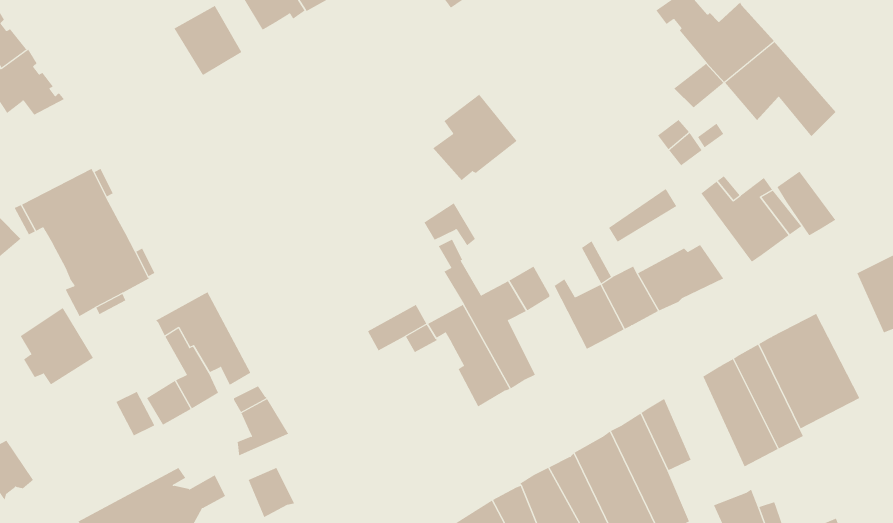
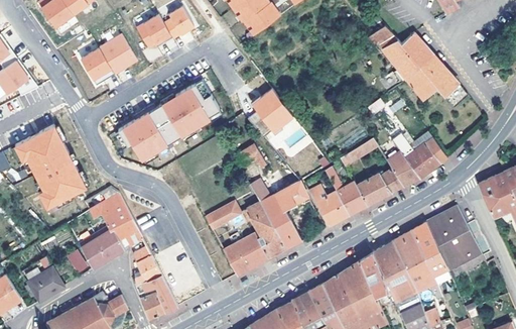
building: none -> [81,47,115,85]
building: none -> [120,78,224,160]
building: [776,171,836,236] -> [387,150,420,187]
building: [20,307,94,385] -> [23,257,64,301]
building: none -> [223,231,268,275]
building: none -> [372,241,416,302]
building: none -> [135,273,178,312]

